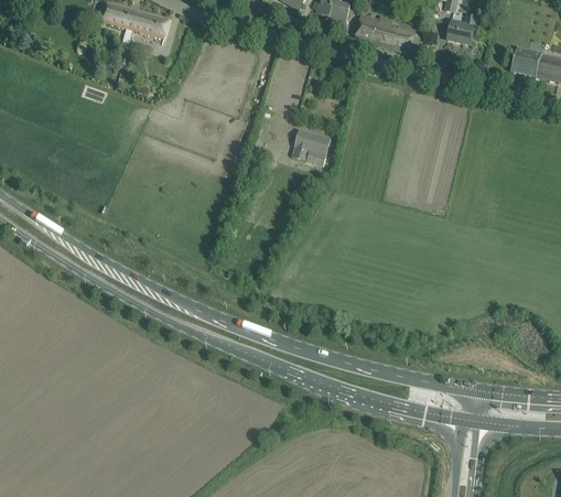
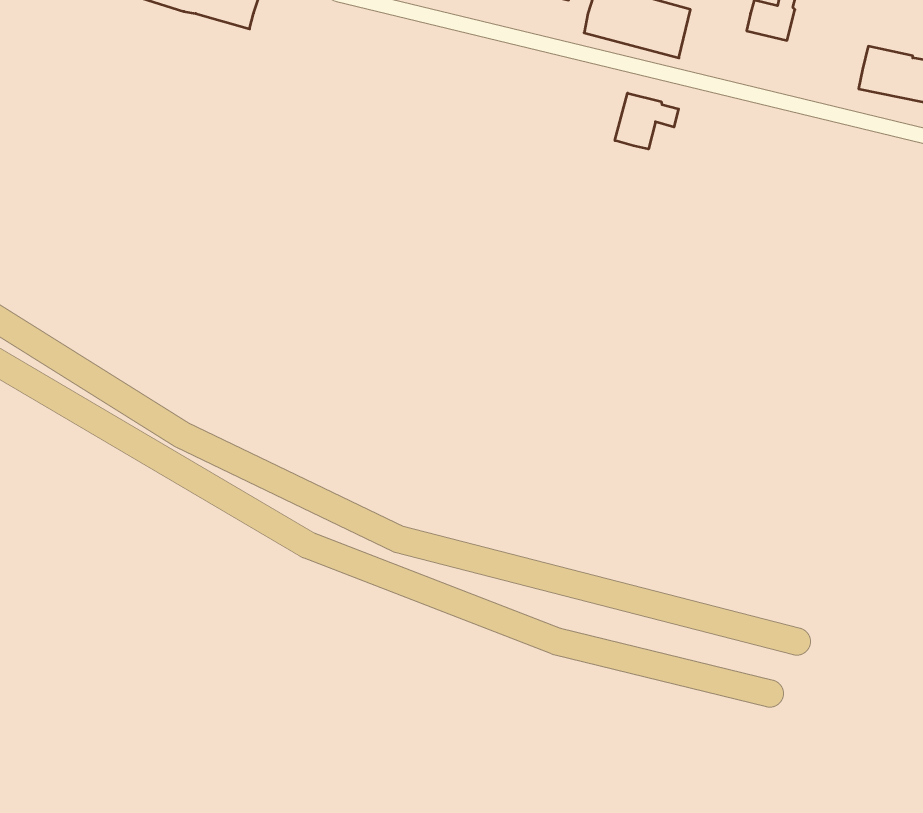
building: none -> [615,93,679,149]
building: [291,129,330,159] -> none

